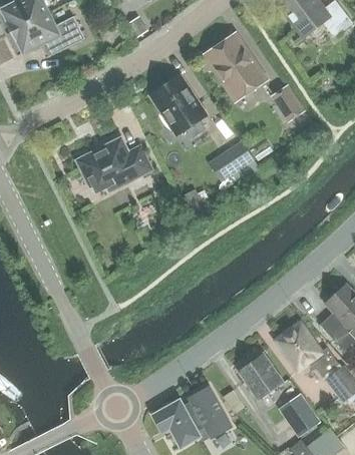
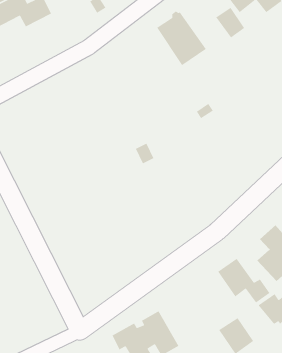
building: [150,74,206,138] -> none
building: [270,83,305,120] -> [215,7,245,38]
building: [75,135,152,191] -> none
building: [218,139,258,178] -> none
building: [238,352,284,399] -> none

